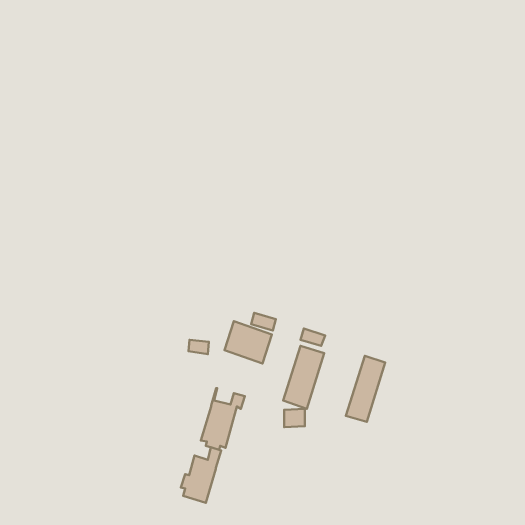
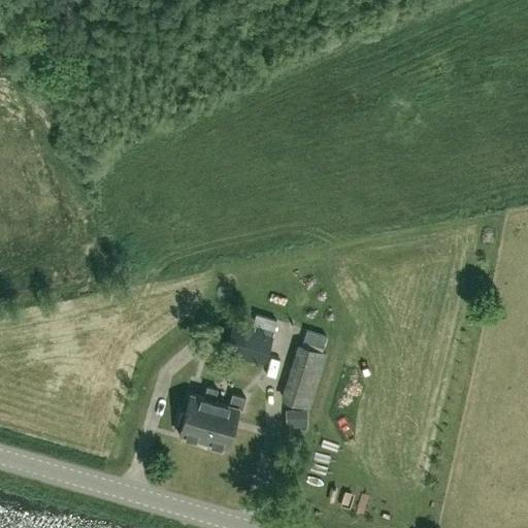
building: [346,356,385,422] -> none
building: [181,447,221,503] -> [177,387,218,442]

